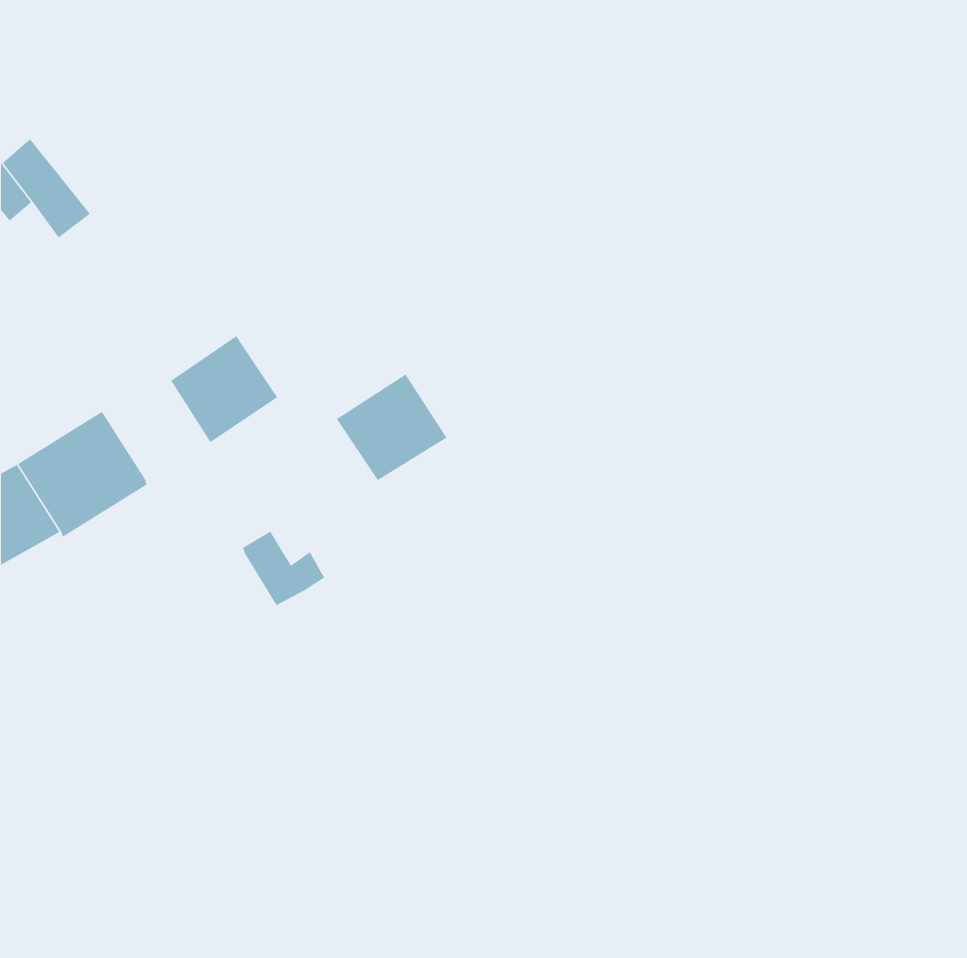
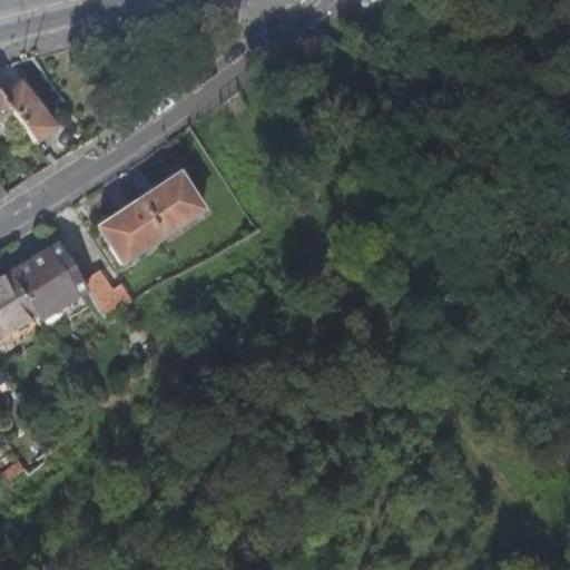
building: [336,373,447,481] -> [139,170,205,234]
building: [242,530,325,606] -> [86,272,135,316]

